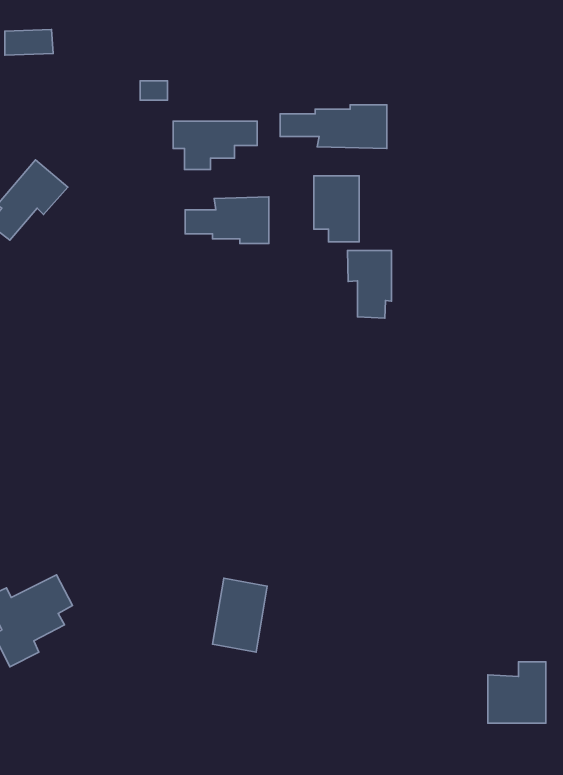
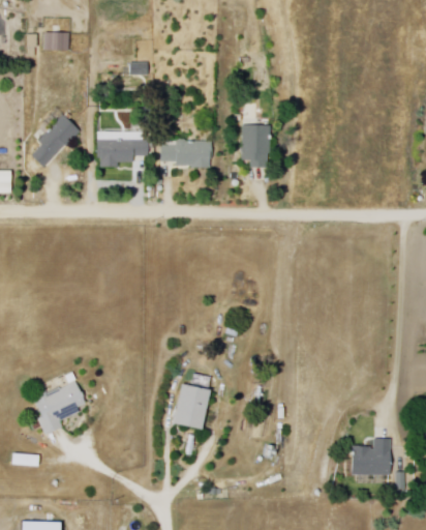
building: [280,105,387,148] -> none
building: [173,121,257,169] -> [95,138,149,169]
building: [348,250,392,318] -> none

